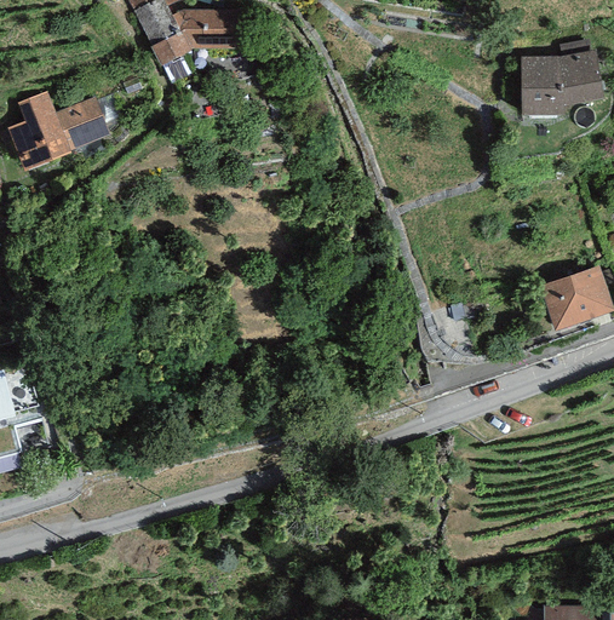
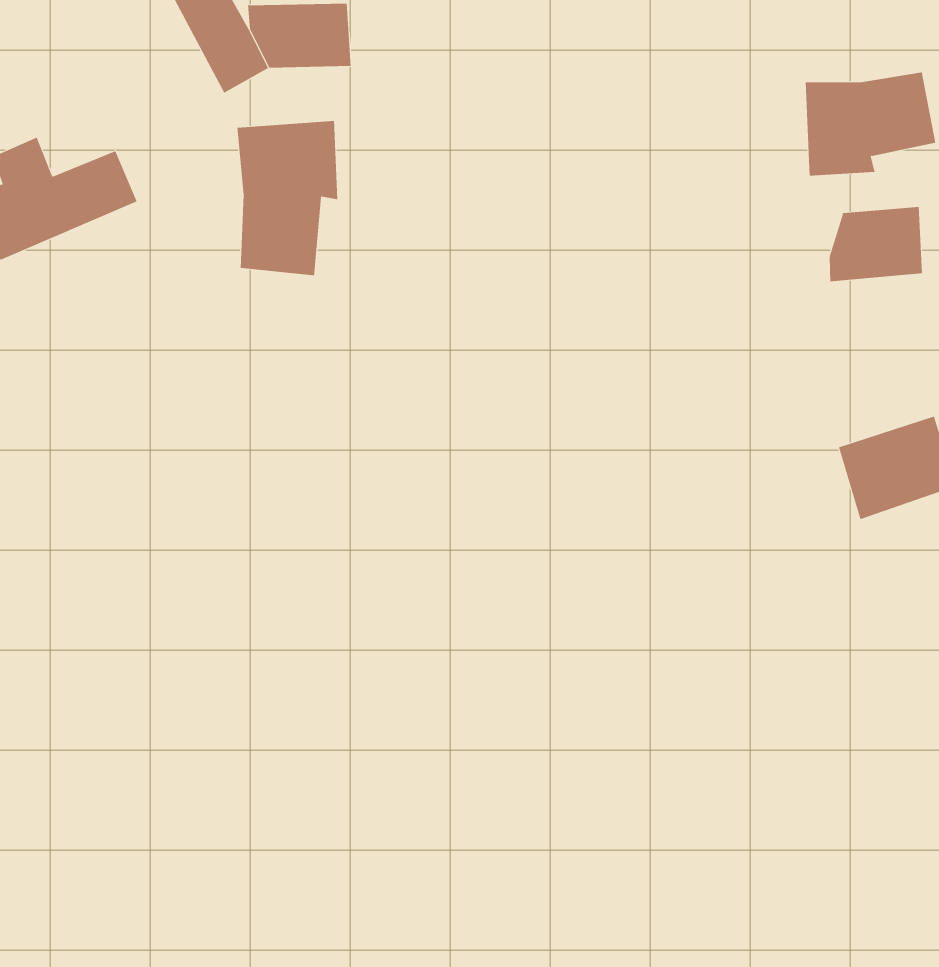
building: none -> [237,120,338,276]
building: none -> [829,206,923,282]

